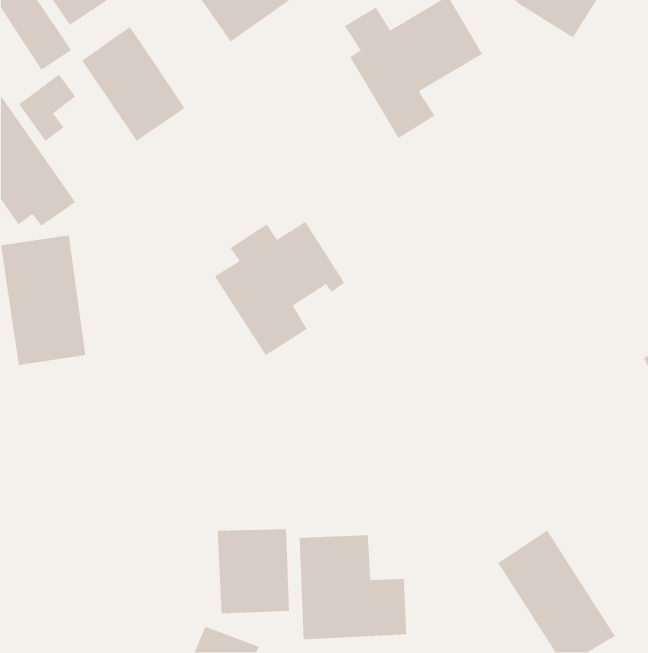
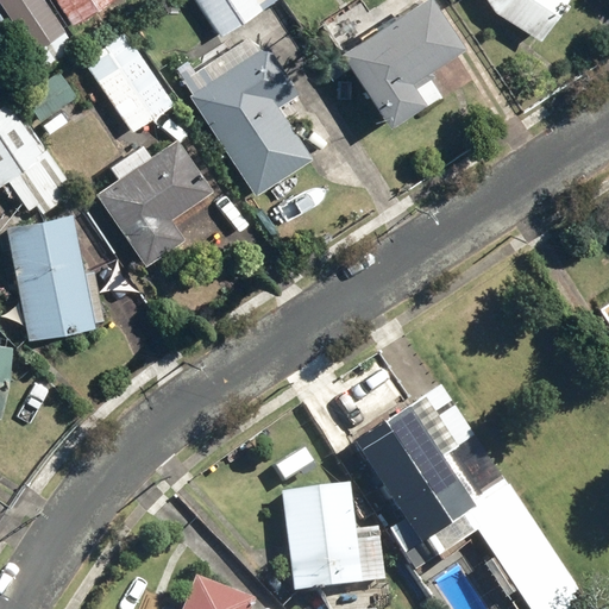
building: none -> [187,42,307,195]
building: [214,221,345,356] -> [96,140,218,265]
building: none -> [350,387,485,561]
building: [217,528,290,614] -> none

